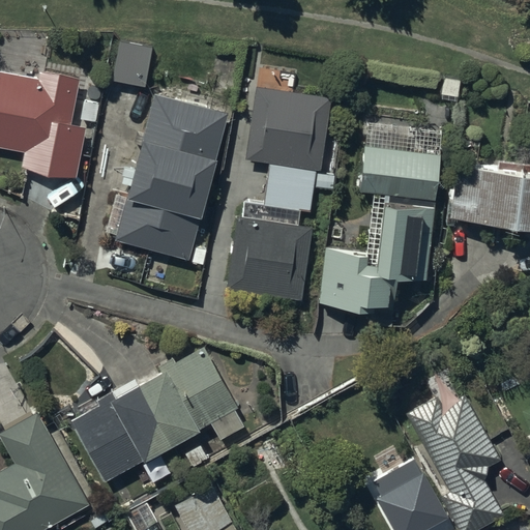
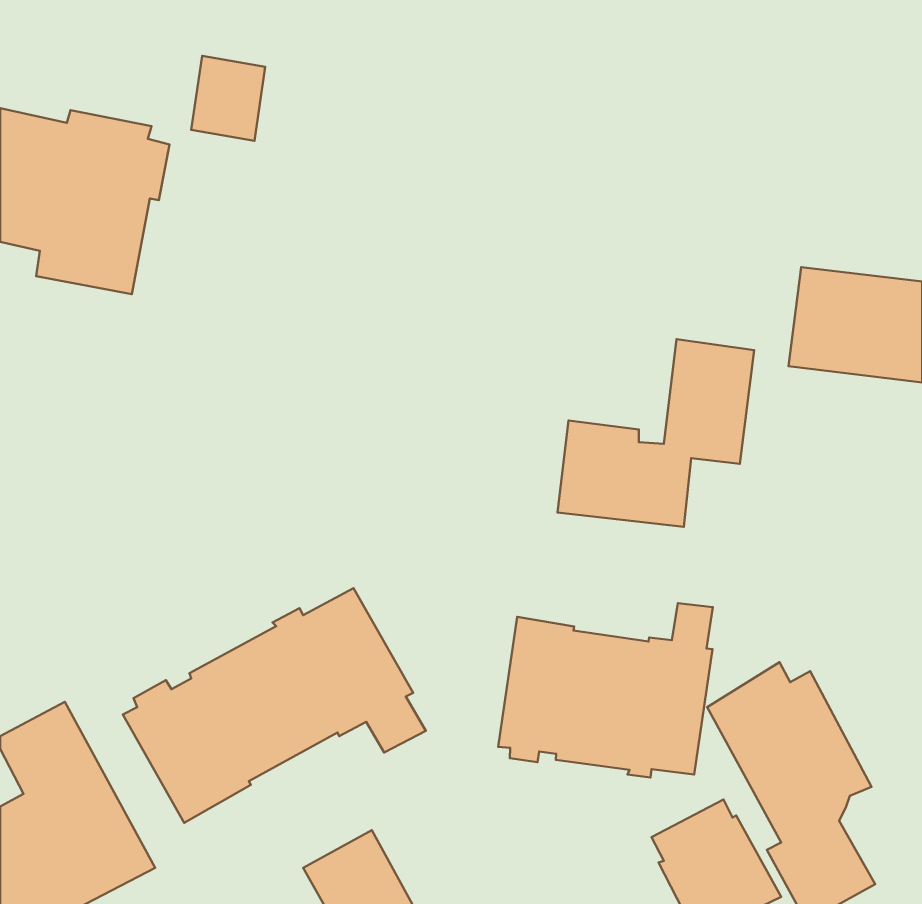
building: [226,89,333,301] -> none
building: [115,94,227,261] -> none
building: [358,123,442,202] -> none
building: none -> [498,603,713,778]

